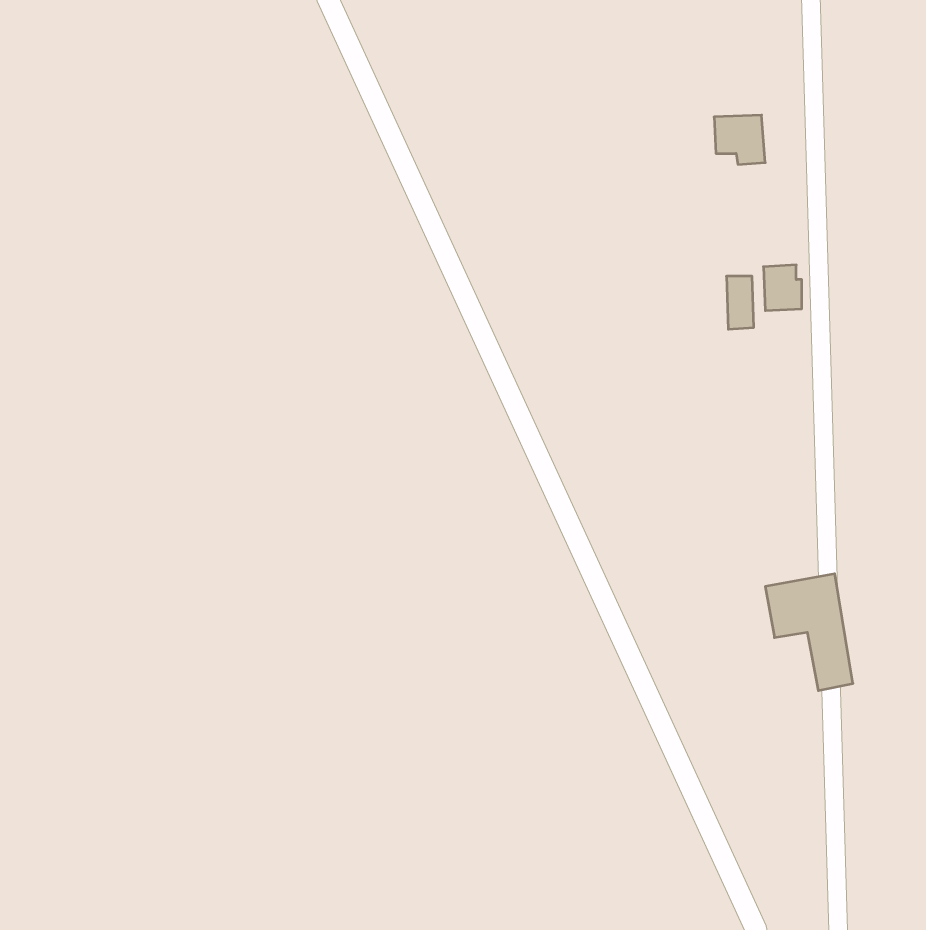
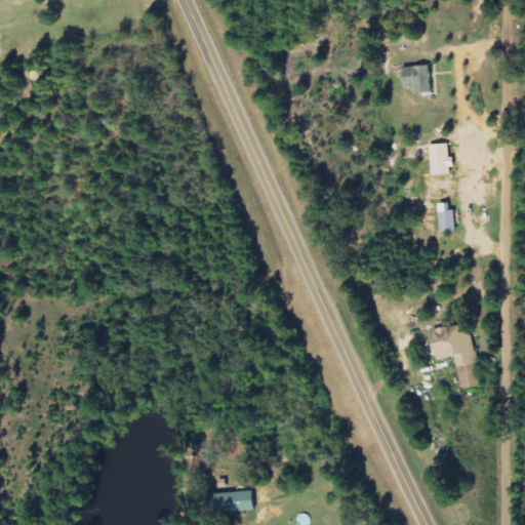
building: [726,276,754,329] -> [437,202,452,232]
building: none -> [211,489,253,513]

